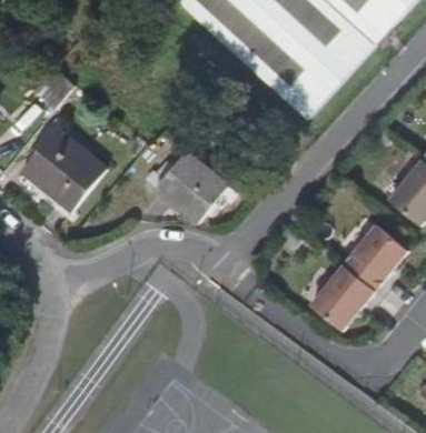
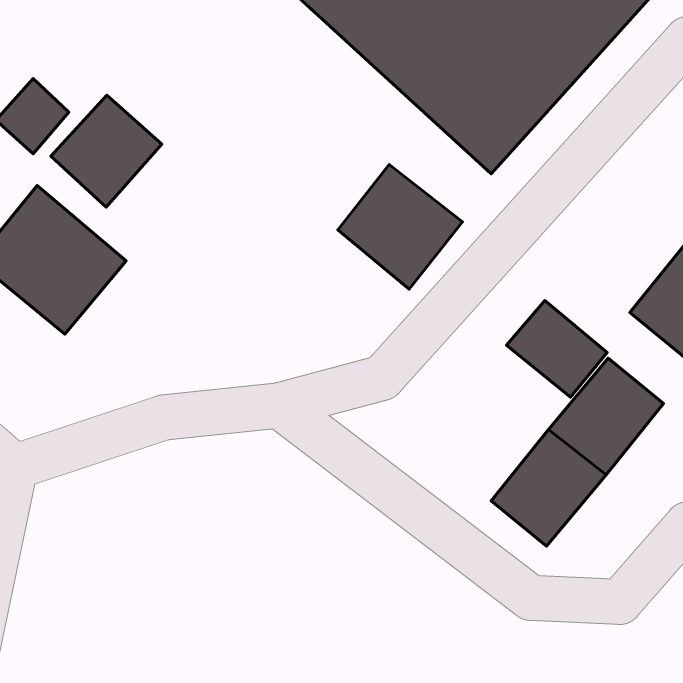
building: none -> [51,95,162,207]
building: [158,157,228,226] -> [338,164,463,289]
building: none -> [506,300,607,397]

